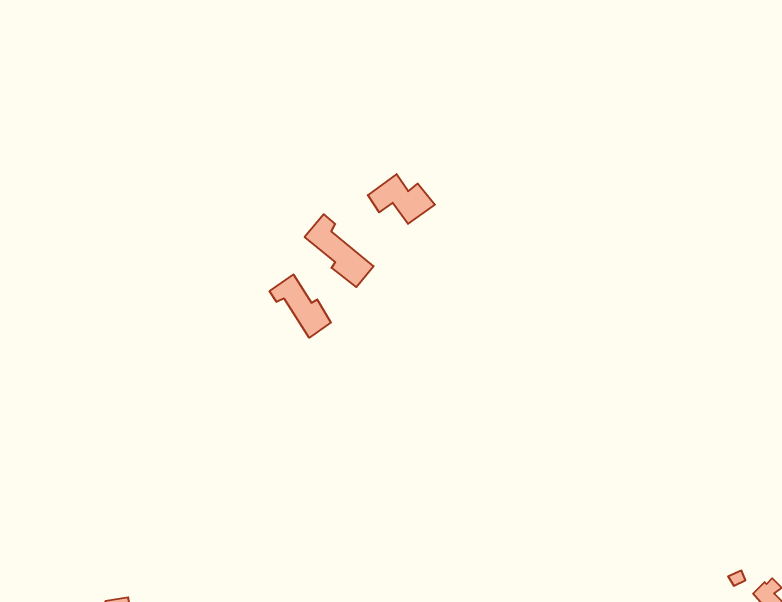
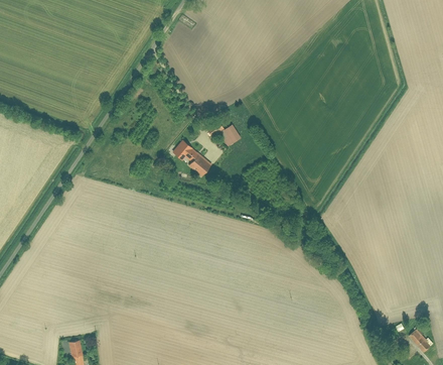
building: [270,274,331,338] -> none

